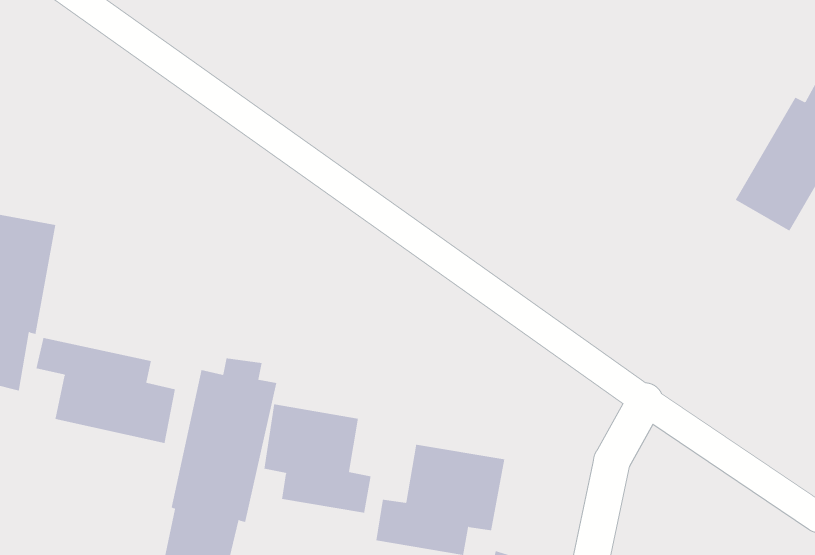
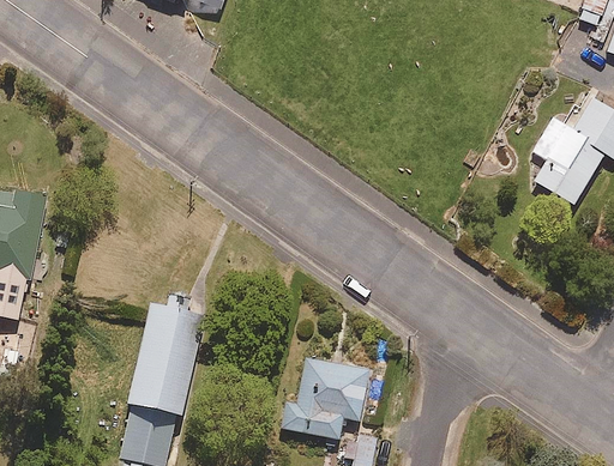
building: [36,337,175,444] -> none
building: [264,404,371,513] -> none

